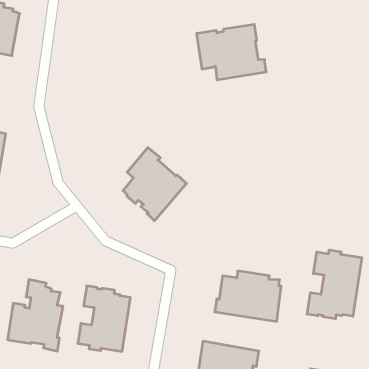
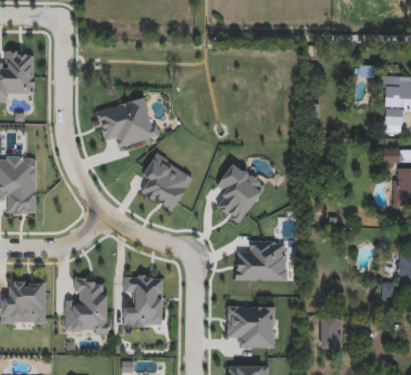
building: [197,24,266,80] -> [96,97,159,148]
building: none -> [216,164,265,223]
building: [307,250,362,319] -> none

